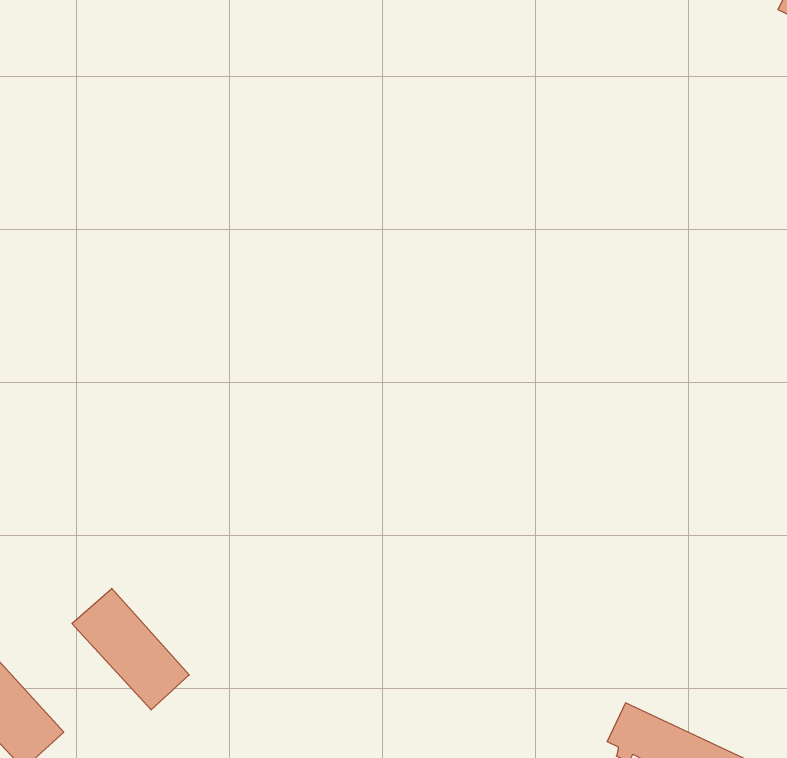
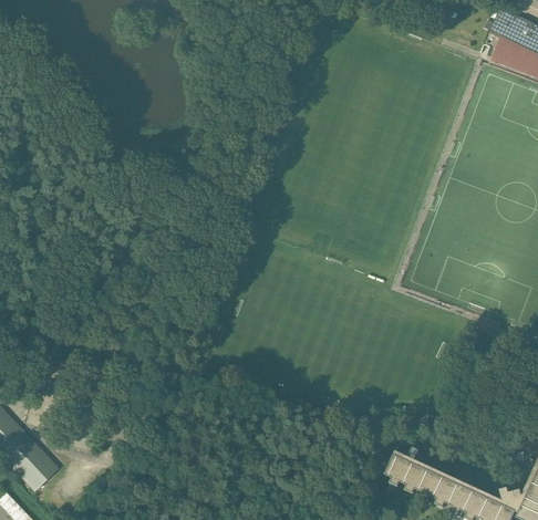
building: [72,588,189,710] -> none

